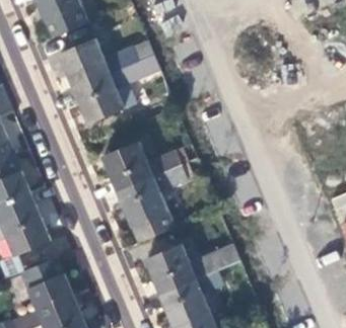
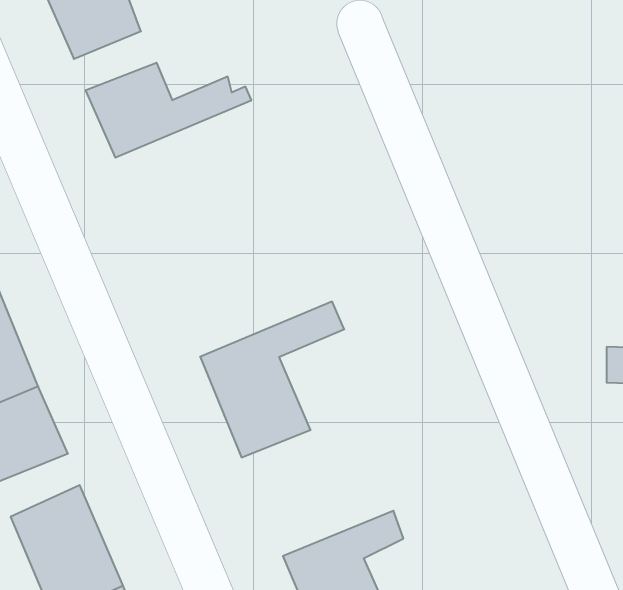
building: [73,56,158,124] -> none
building: [102,142,185,190] -> none
building: [145,244,237,293] -> none

